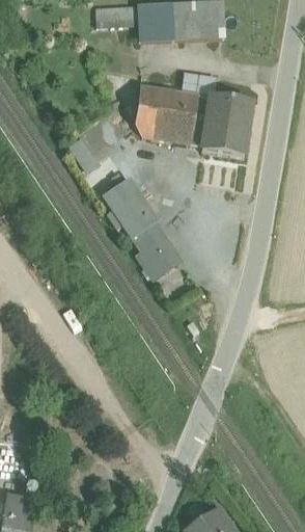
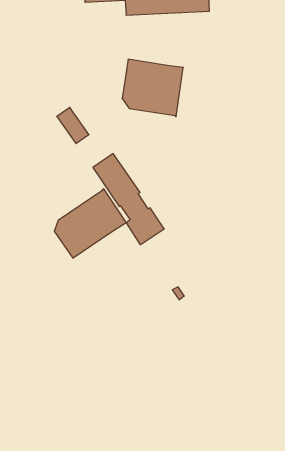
building: [182,73,252,156] -> none
building: none -> [55,189,126,258]

